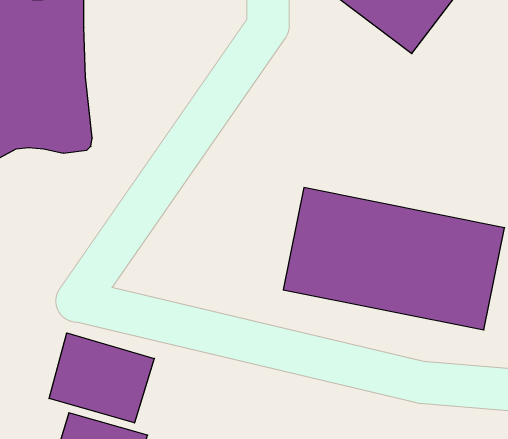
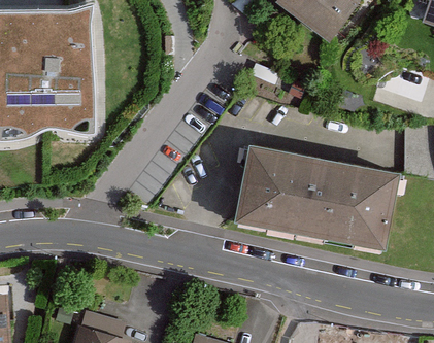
building: [49,333,154,423] -> none

